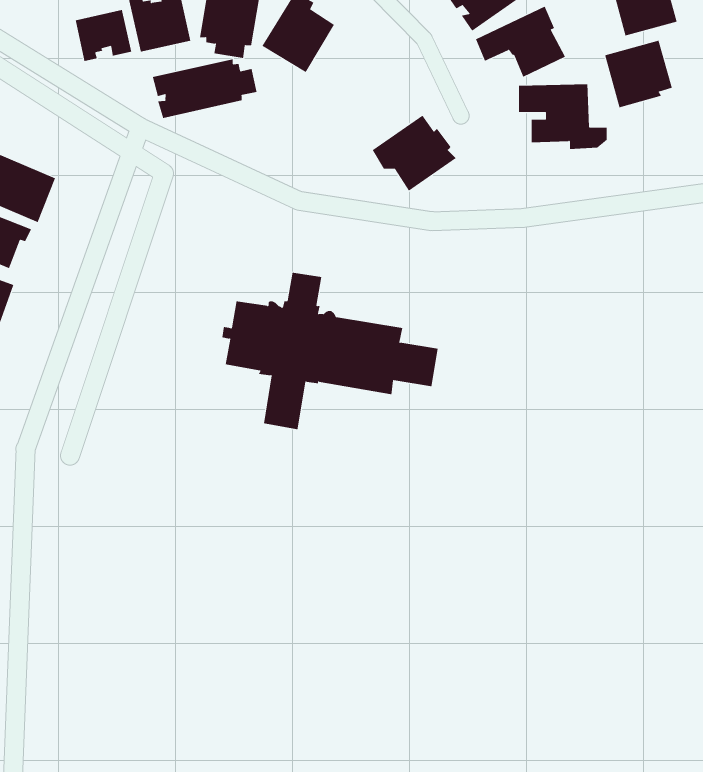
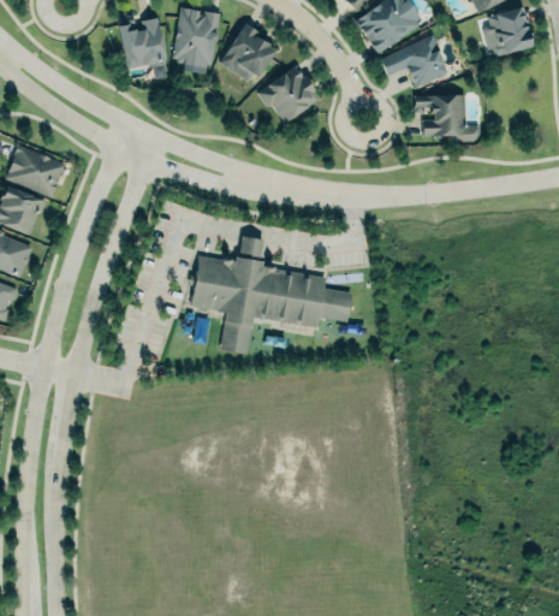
building: [75,9,132,62] -> none
building: [605,40,672,108] -> none
building: [152,58,257,119] -> none
building: [372,115,456,192] -> [257,66,321,124]

